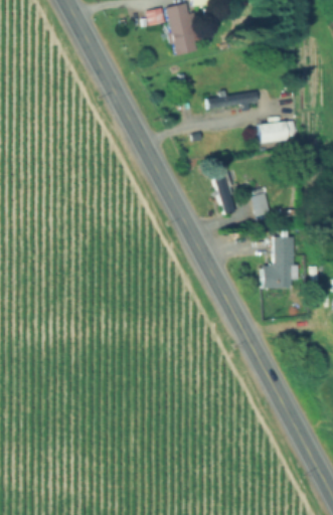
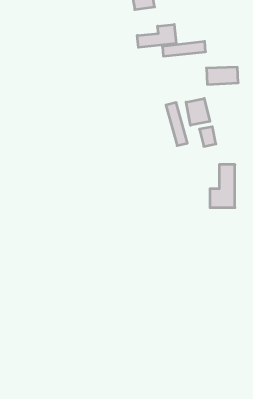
building: none -> [137,24,176,47]
building: none -> [186,98,210,125]

